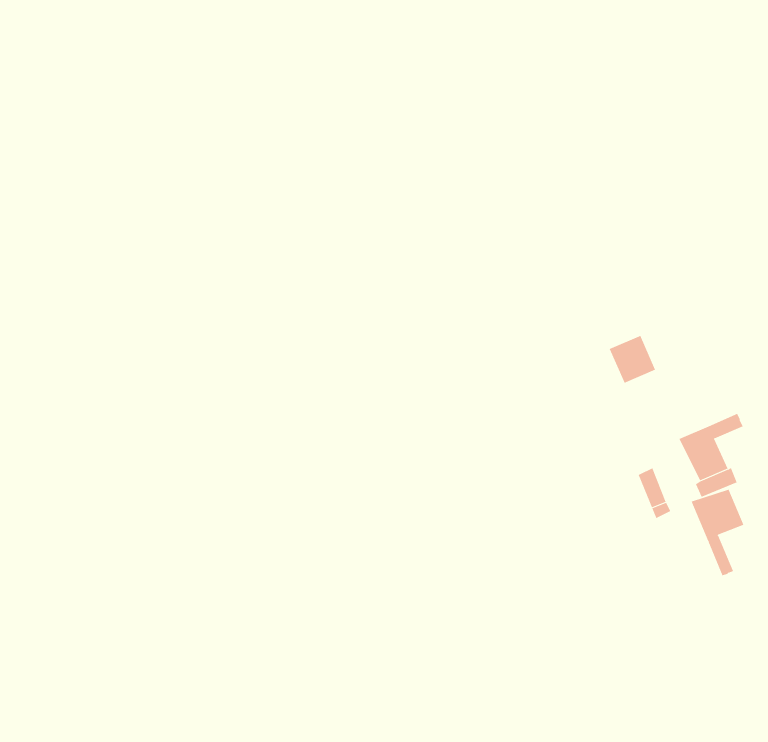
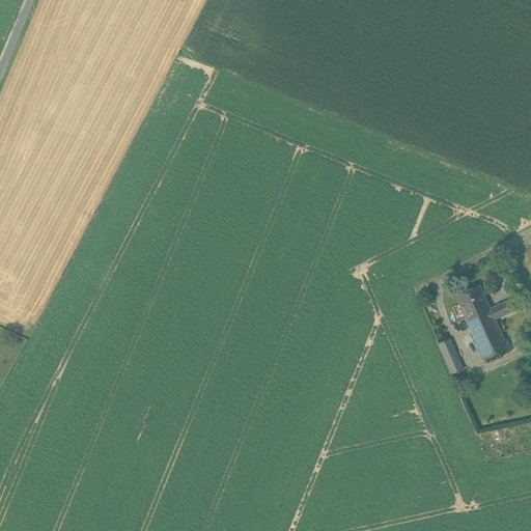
building: [609,335,656,384] -> [456,285,488,318]
building: [691,489,744,576] -> none

